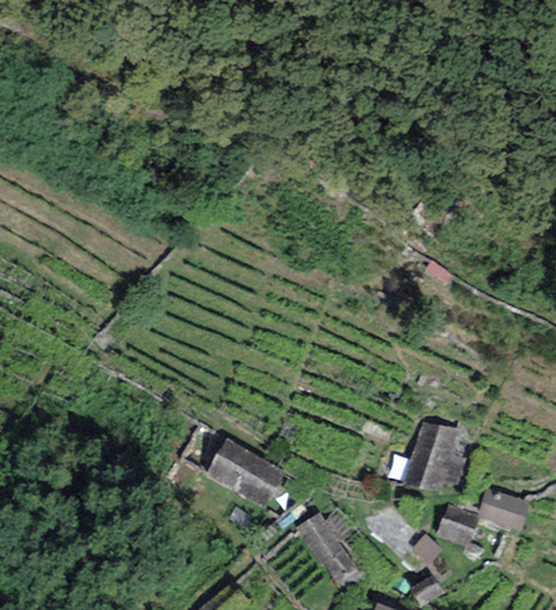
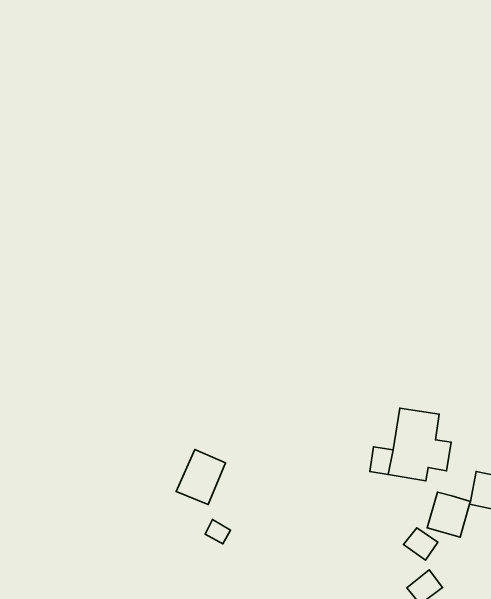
building: [235,454,283,506] -> none
building: [296,512,357,583] -> none

